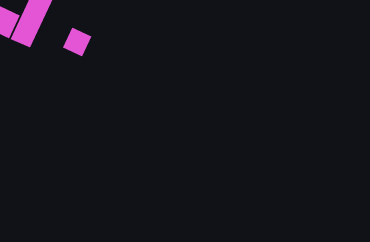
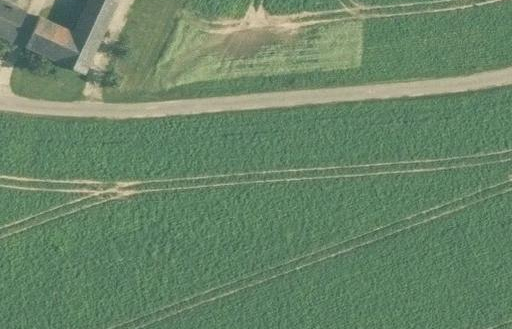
building: [62,26,92,58] -> none

